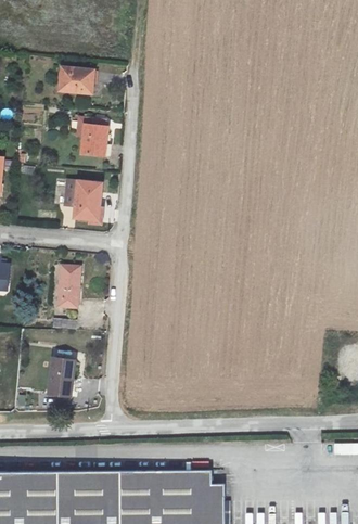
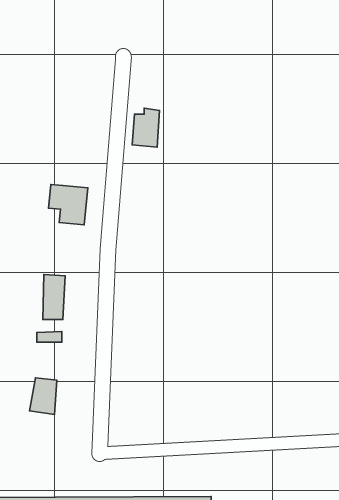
building: [57,71,92,97] -> none
building: [80,122,105,157] -> [132,108,159,147]

